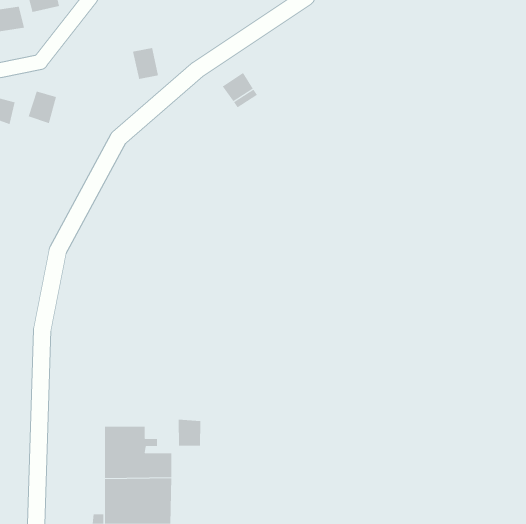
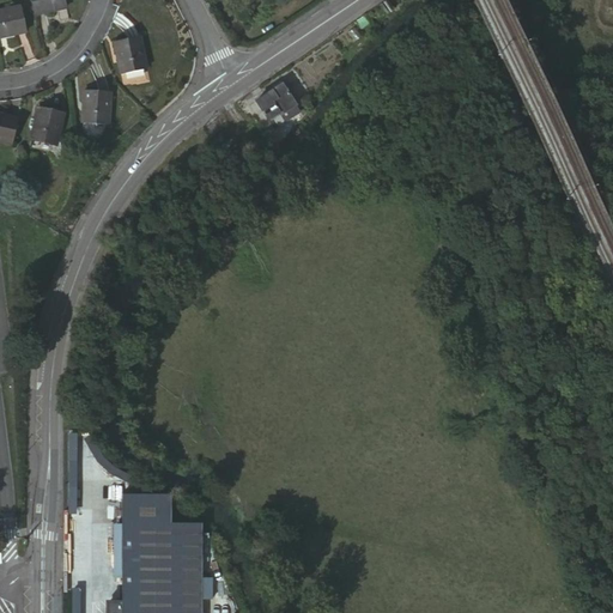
building: [132,47,159,79] -> [114,38,145,75]
building: none -> [84,92,113,127]
building: [178,419,201,447] -> none

